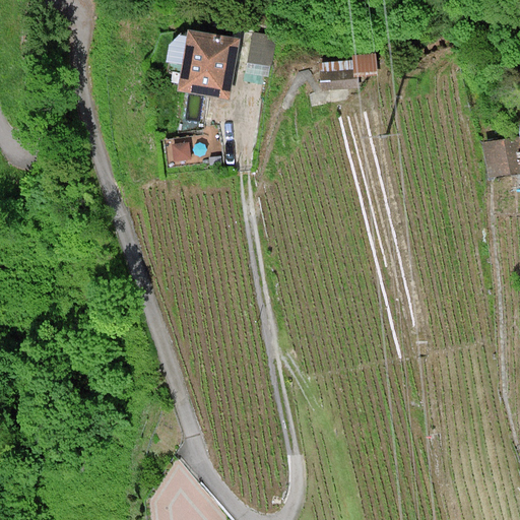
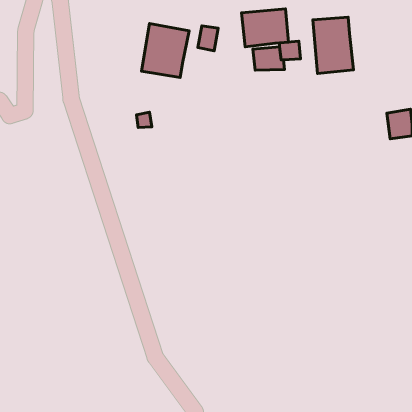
building: none -> [242,9,288,47]
building: none -> [313,17,353,74]

